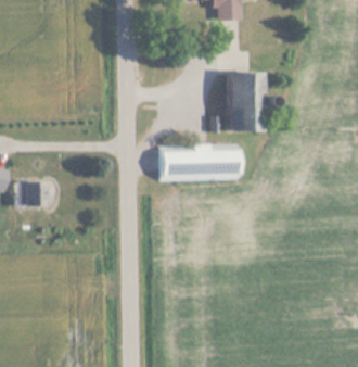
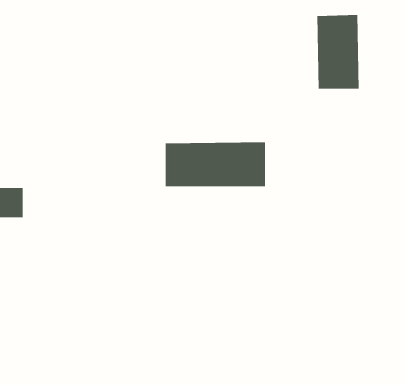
building: [230,71,265,131] -> [316,14,360,89]

